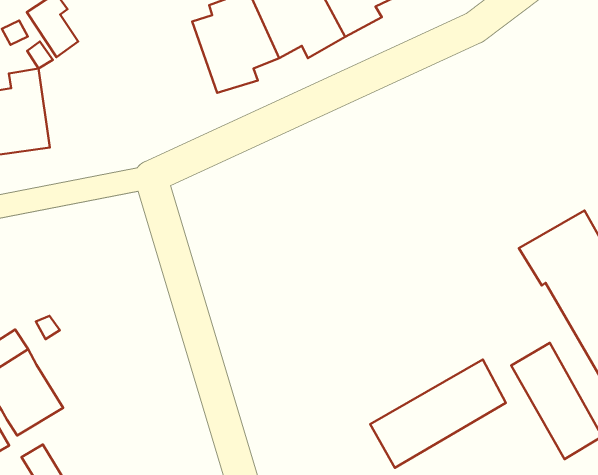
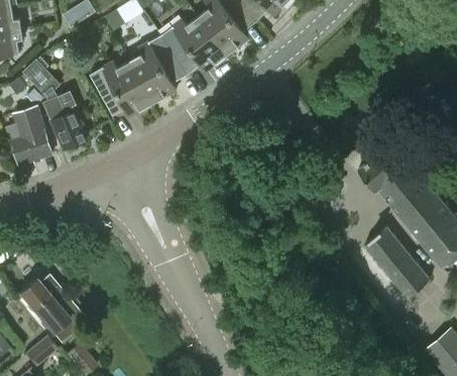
building: none -> [89,61,151,116]
building: none -> [43,92,88,150]
building: [370,360,506,468] -> none

